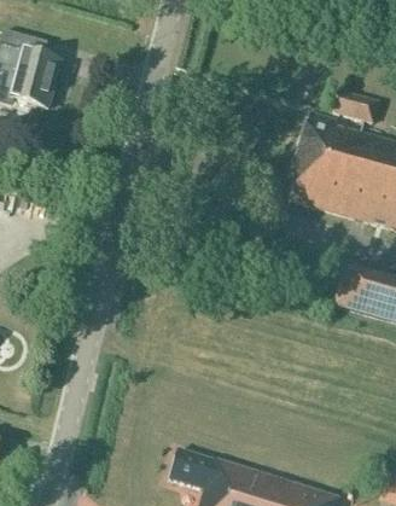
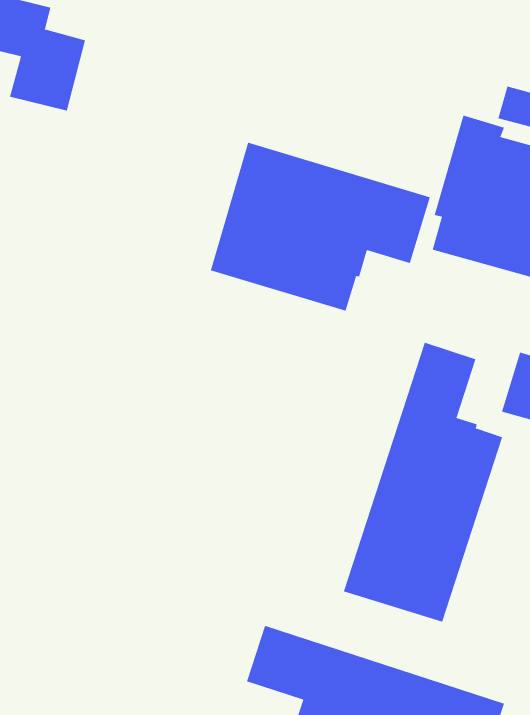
building: none -> [210,142,430,311]
building: none -> [343,342,503,623]

